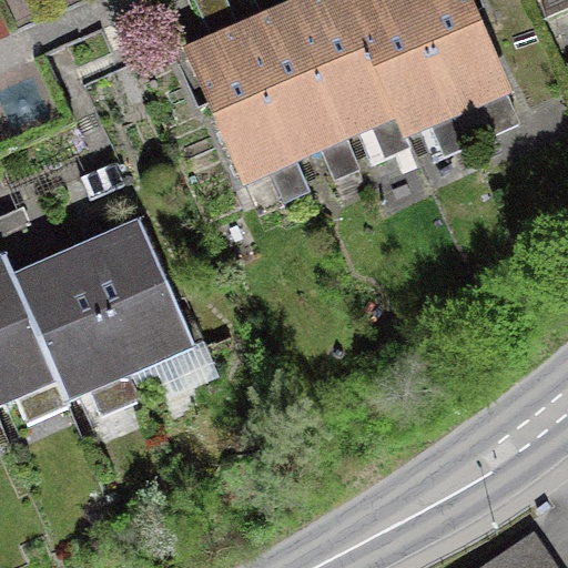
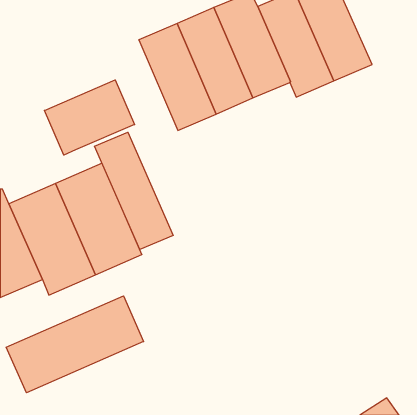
building: none -> [44,80,135,155]
building: none -> [95,132,173,249]
building: none -> [6,296,144,393]

